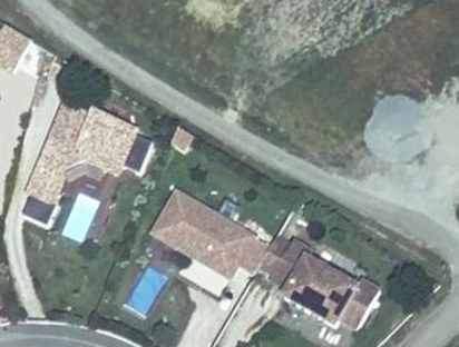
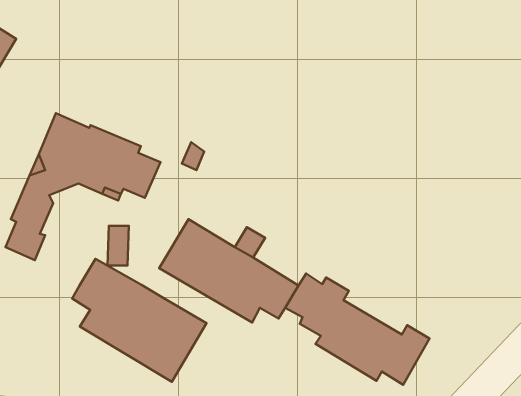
building: none -> [72,259,206,382]

